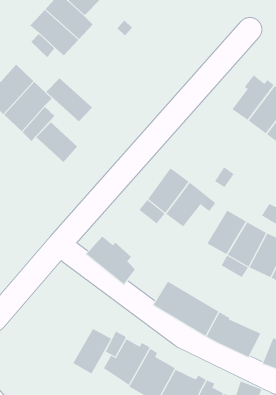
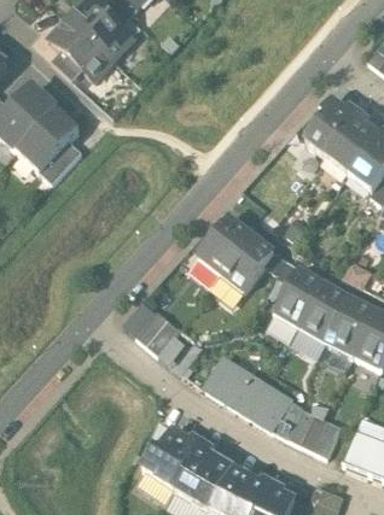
building: [46,77,93,122] -> none
building: [35,122,78,163] -> none
building: [72,328,112,374] -> none

